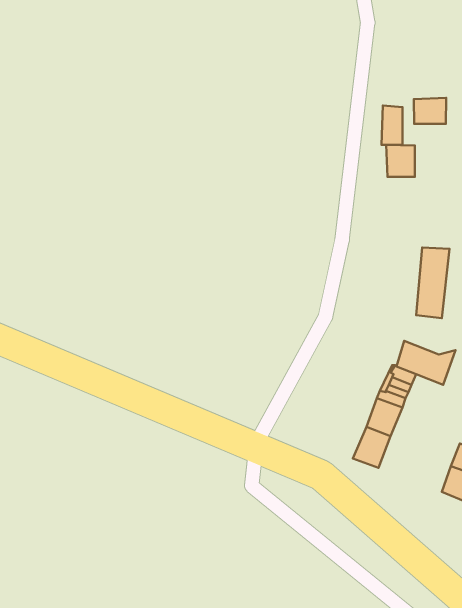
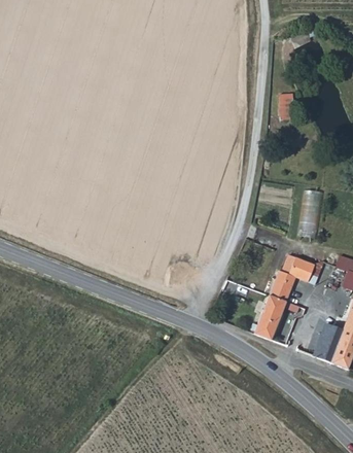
building: [414,98,446,124] -> none
building: [386,145,415,177] -> none

